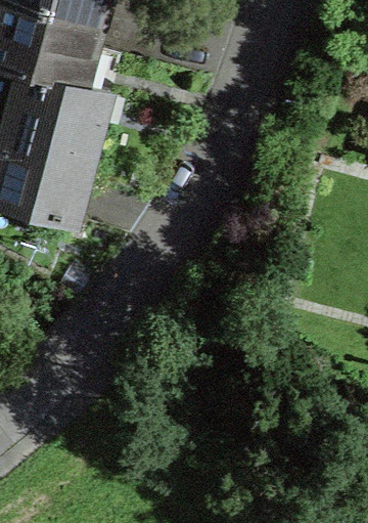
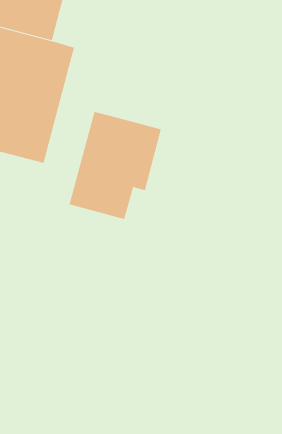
building: none -> [69,111,162,220]

